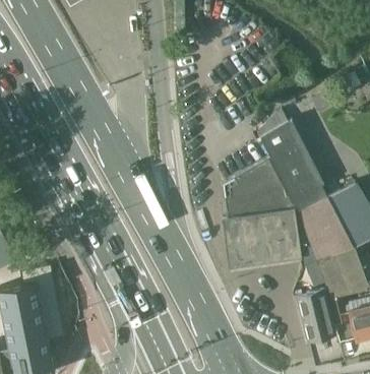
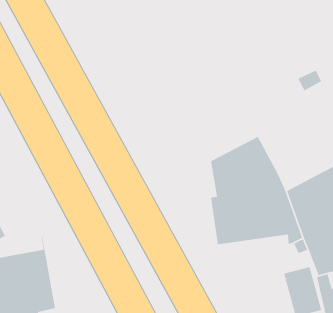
building: [259,111,329,213] -> none

